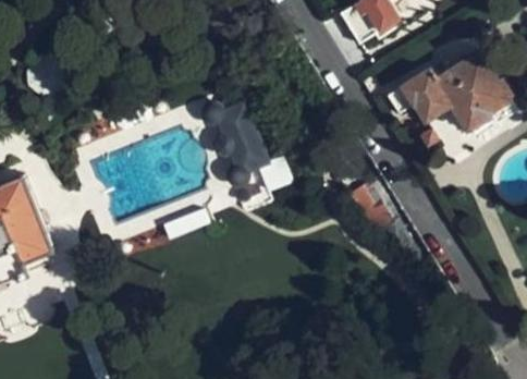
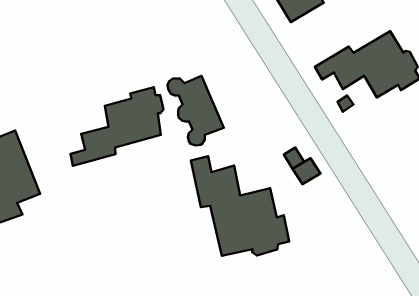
building: none -> [70,87,164,166]
building: none -> [191,156,289,256]

